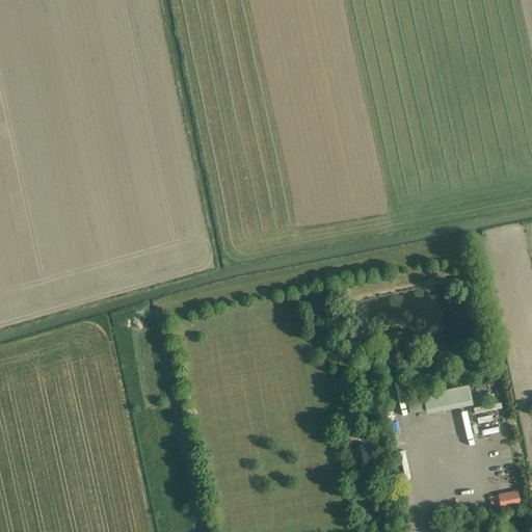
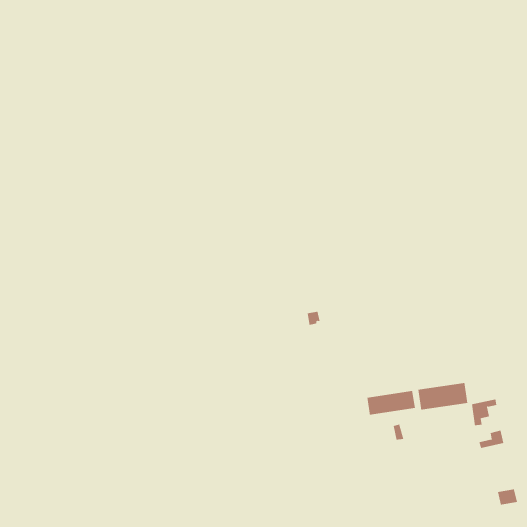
building: none -> [367,390,415,415]

